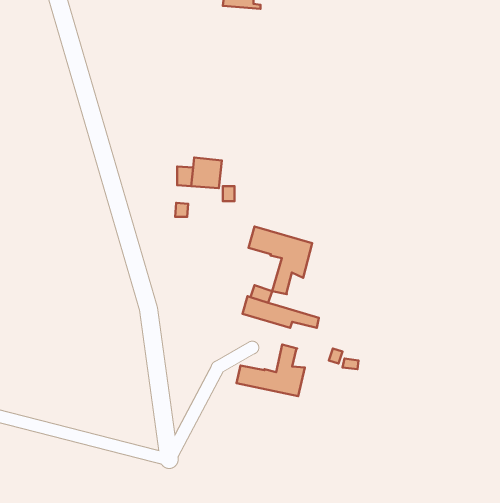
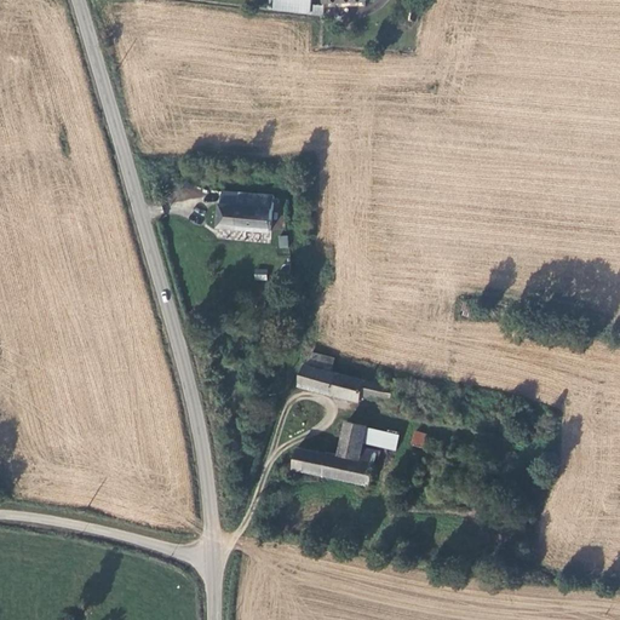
building: [249,226,312,294] -> none
building: none -> [357,427,395,453]

